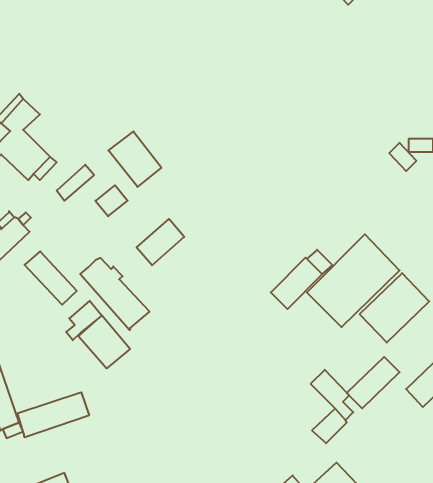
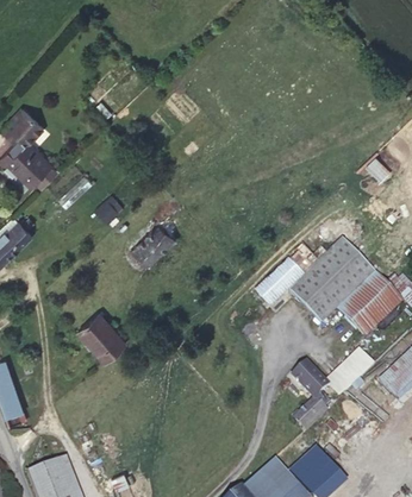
building: [108,131,161,187] -> none
building: [25,251,77,305] -> none
building: [80,258,149,330] -> none
building: [66,301,102,340] -> none
building: [18,392,89,437] -> none

